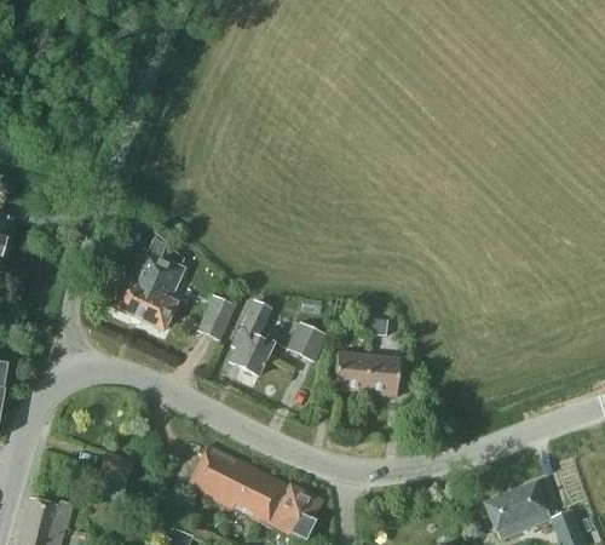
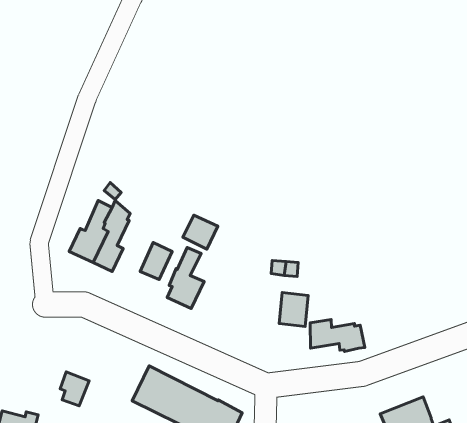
building: [286,321,328,362] -> [183,215,218,249]
building: [335,351,369,392] -> none
building: none -> [310,319,365,352]

